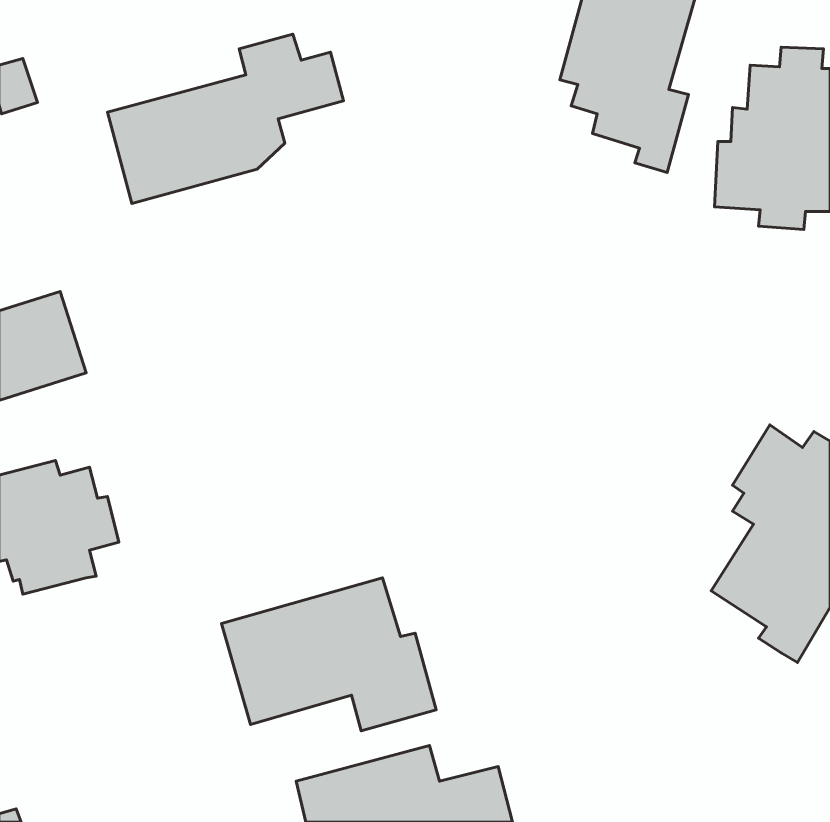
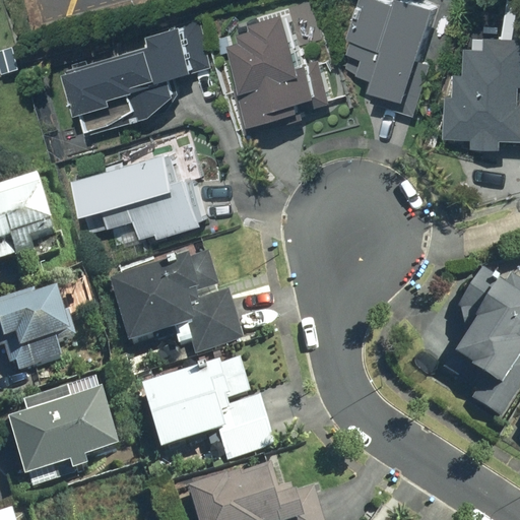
building: none -> [219,9,332,122]
building: none -> [74,148,207,245]
building: none -> [109,255,241,351]
building: none -> [6,382,113,477]

